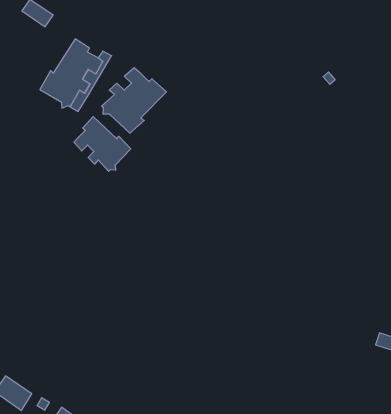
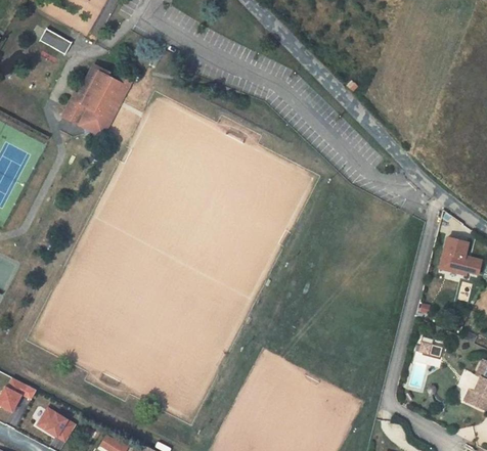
building: [102,68,166,133] -> none
building: [74,117,131,171] -> none

